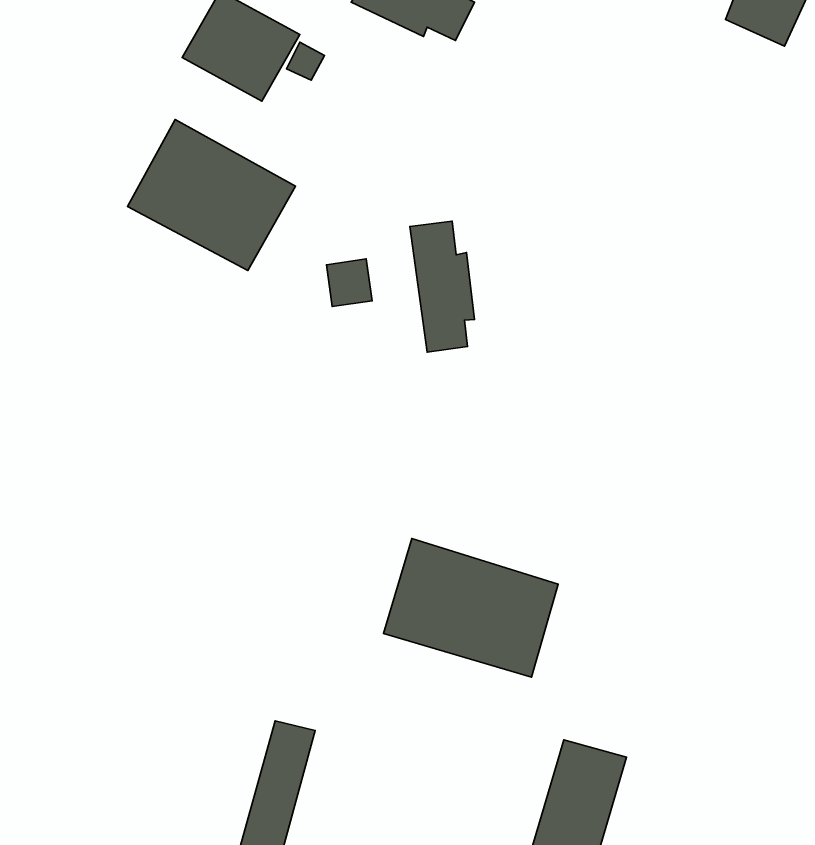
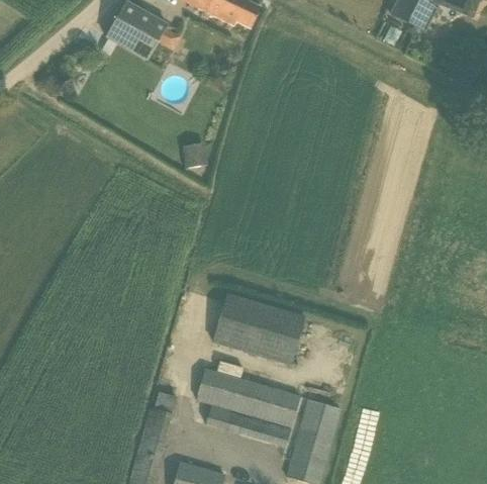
building: [128,119,295,271] -> none
building: [410,221,474,352] -> none
building: none -> [196,368,301,448]

